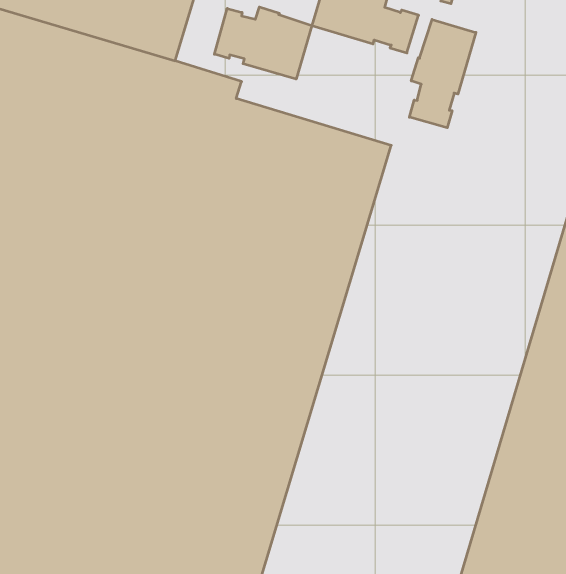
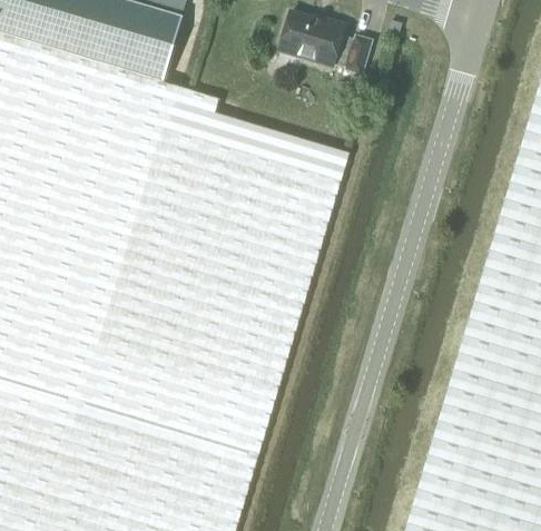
building: [214,7,312,79] -> none
building: [409,19,476,128] -> none

